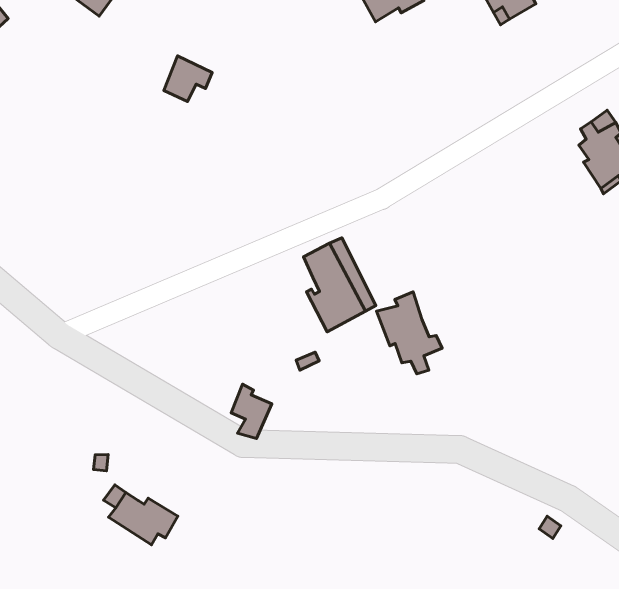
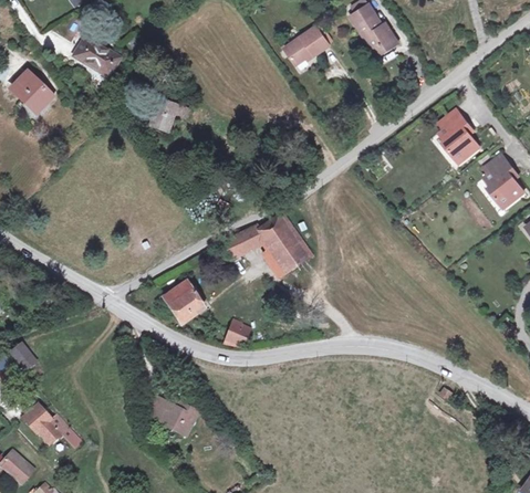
building: none -> [222,223,269,262]
building: [376,292,442,374] -> none
building: none -> [160,277,204,322]

